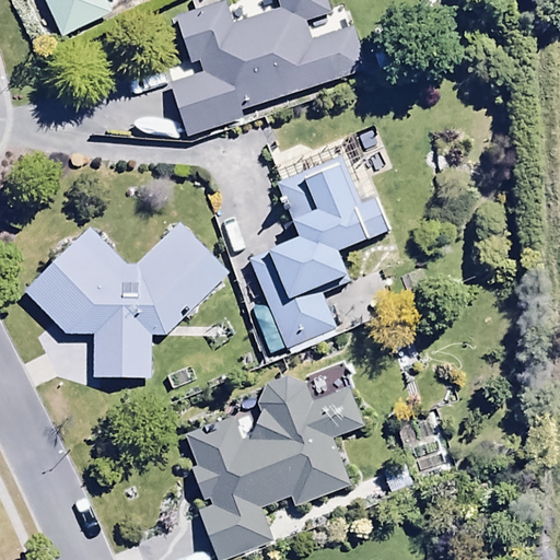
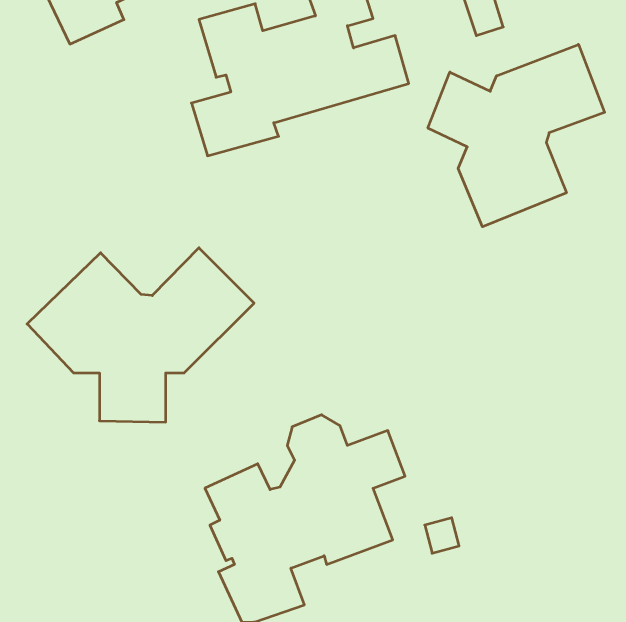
building: none -> [428,44,605,227]
building: [248,156,388,345] -> none

